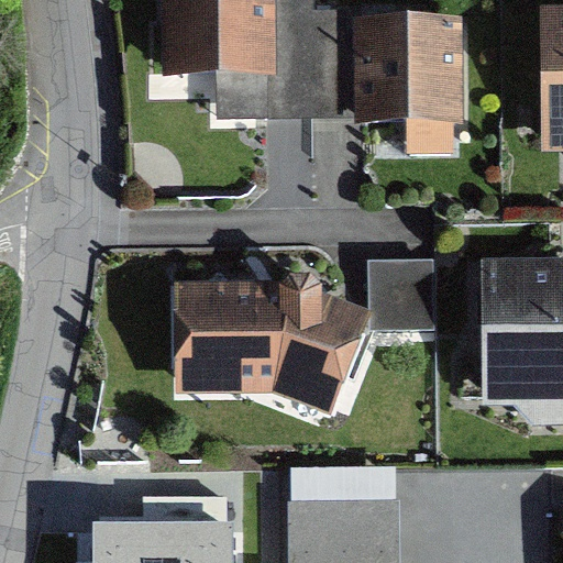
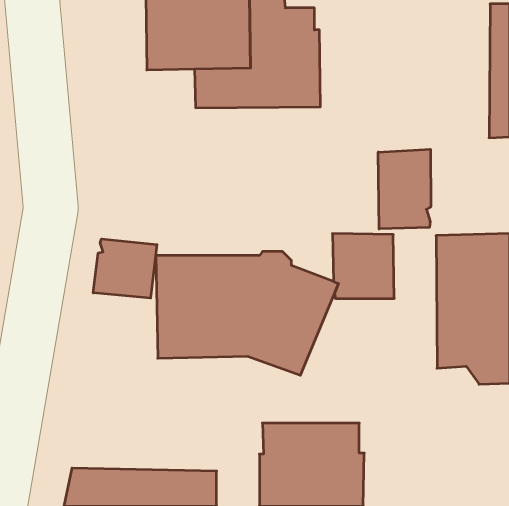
building: [353,16,464,152] -> none
building: none -> [378,149,431,229]
building: none -> [93,239,157,298]

